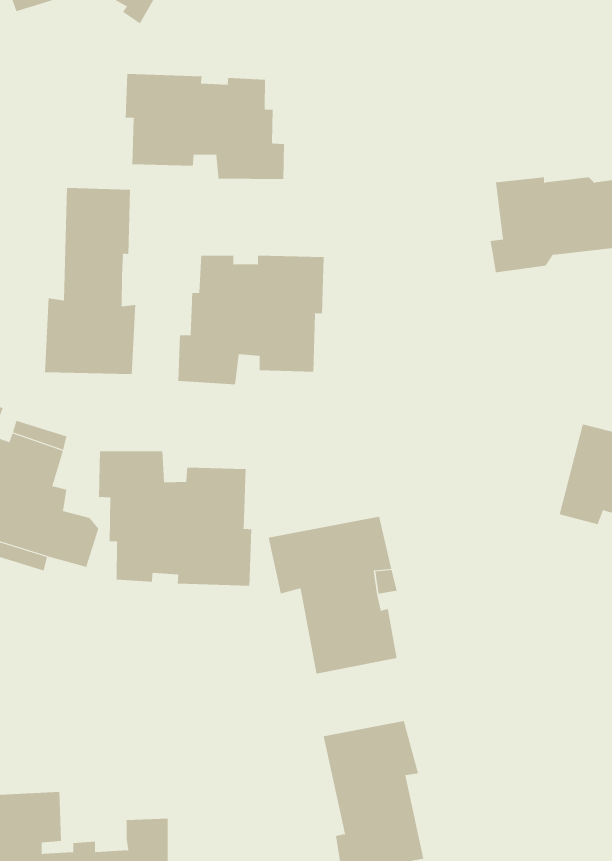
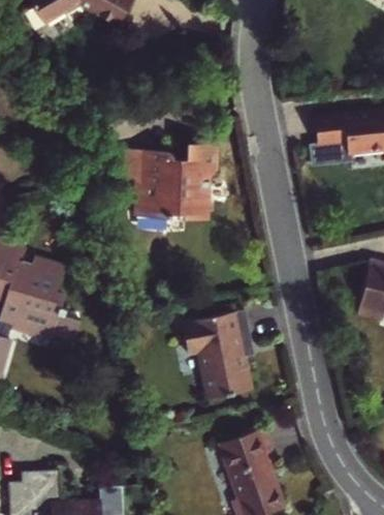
building: [125,73,284,180] -> none
building: [45,187,136,375] -> none
building: [98,451,252,587] -> none

